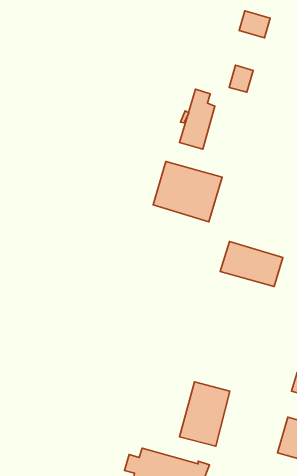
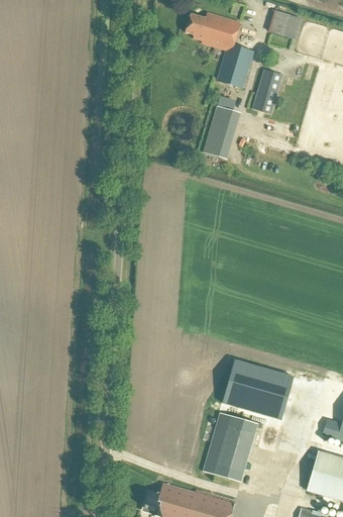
building: none -> [184,15,252,92]
building: [153,162,222,222] -> none
building: [220,242,283,286] -> [223,368,291,416]

